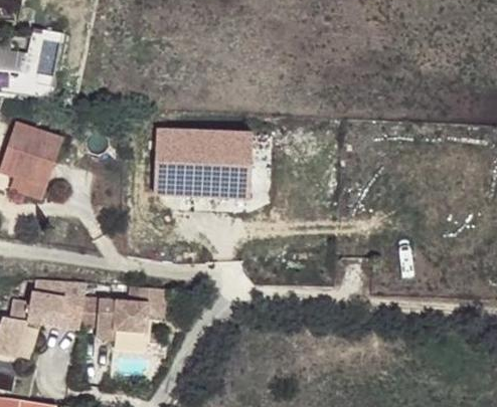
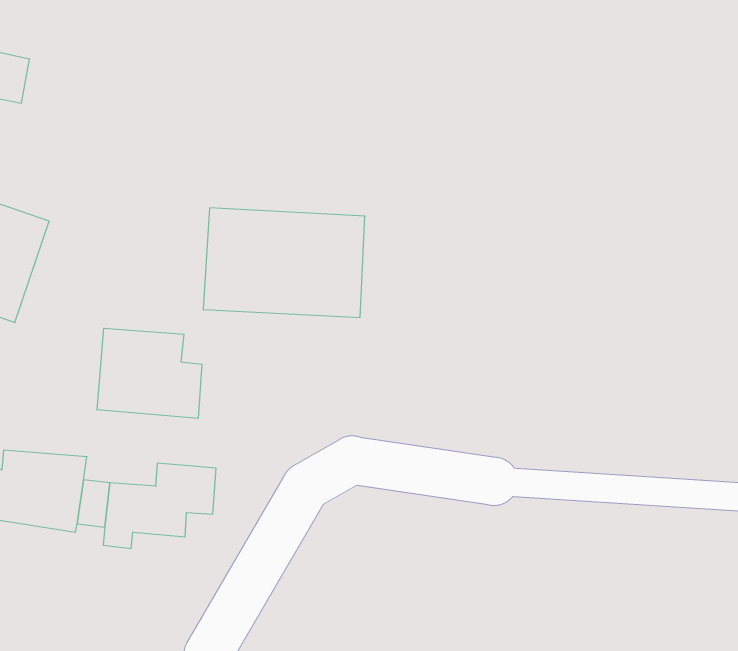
building: none -> [97,328,202,418]

